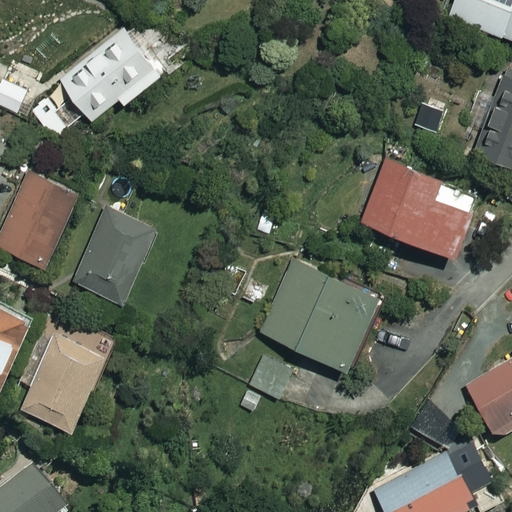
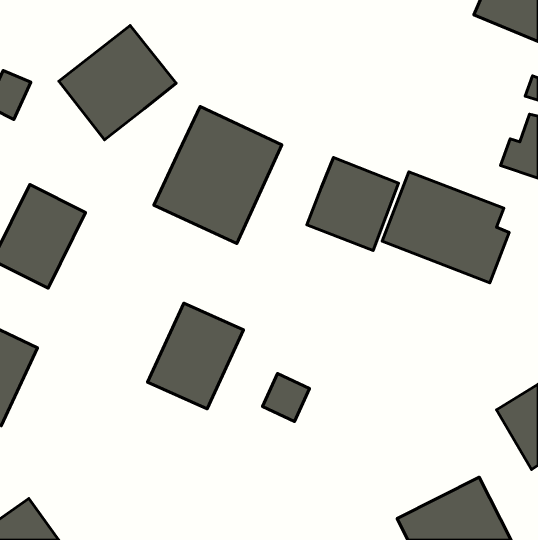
building: none -> [154,106,282,243]
building: none -> [307,158,399,250]
building: [70,208,160,307] -> [147,303,243,409]
building: [255,256,383,375] -> none
building: [18,334,111,436] -> none

